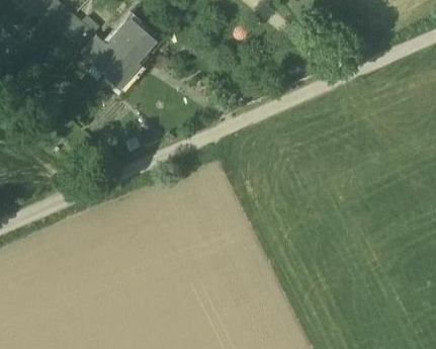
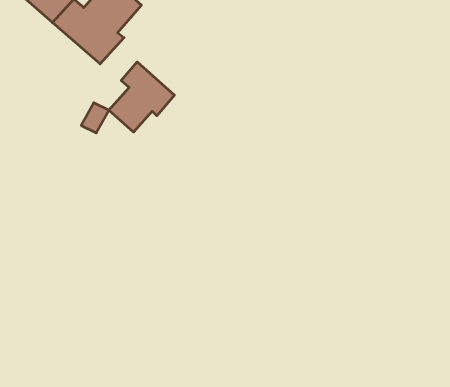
building: none -> [109,62,174,132]

